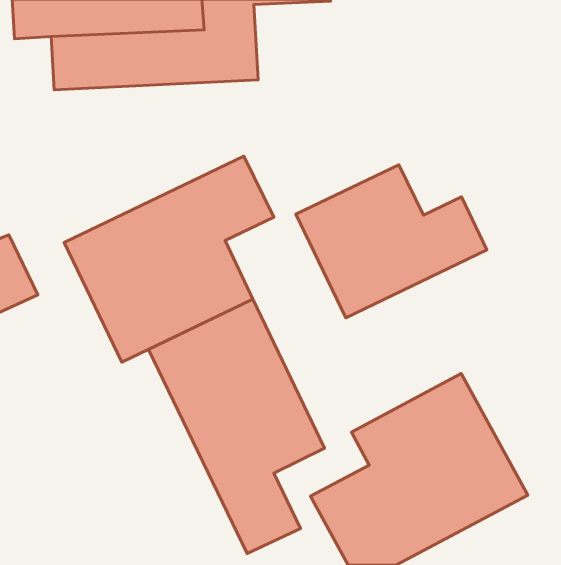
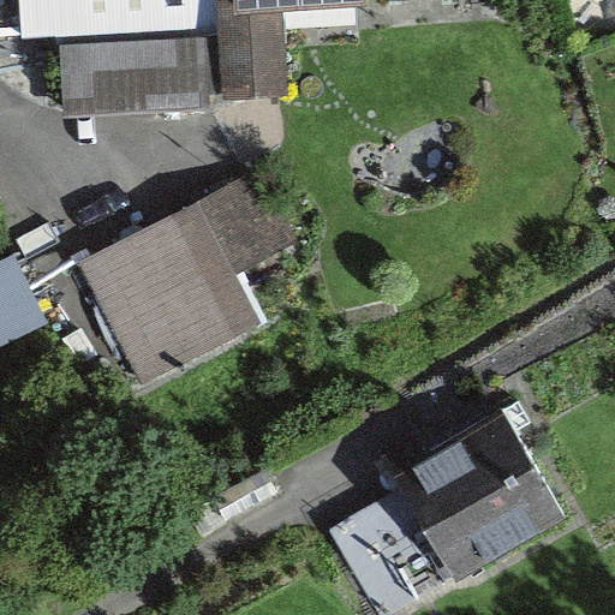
building: [296,165,487,318] -> none
building: [149,299,324,554] -> none

